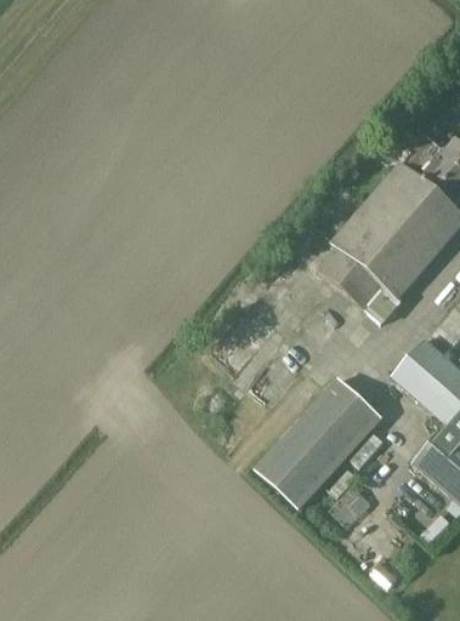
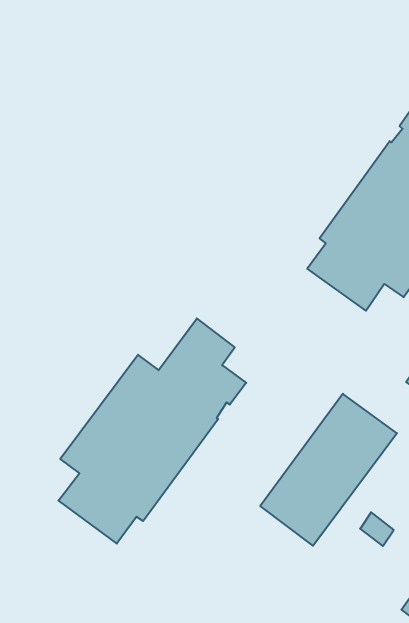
building: none -> [58,318,246,544]

